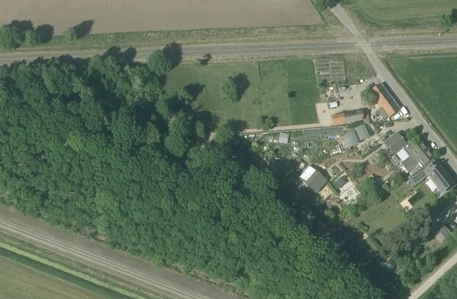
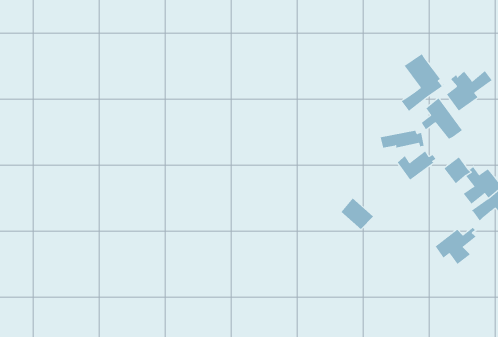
building: none -> [401,52,445,112]
building: none -> [446,70,492,112]
building: none -> [435,227,477,265]

